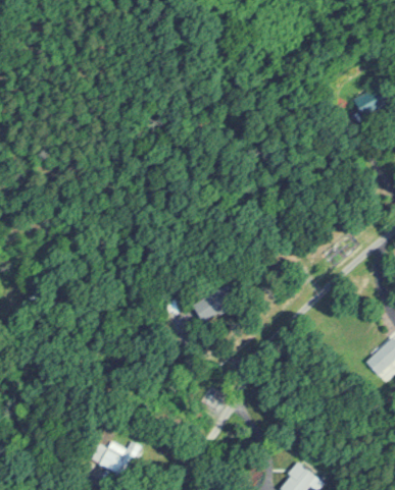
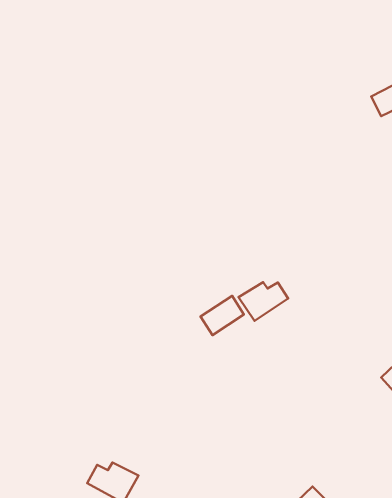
building: none -> [238,282,288,321]

